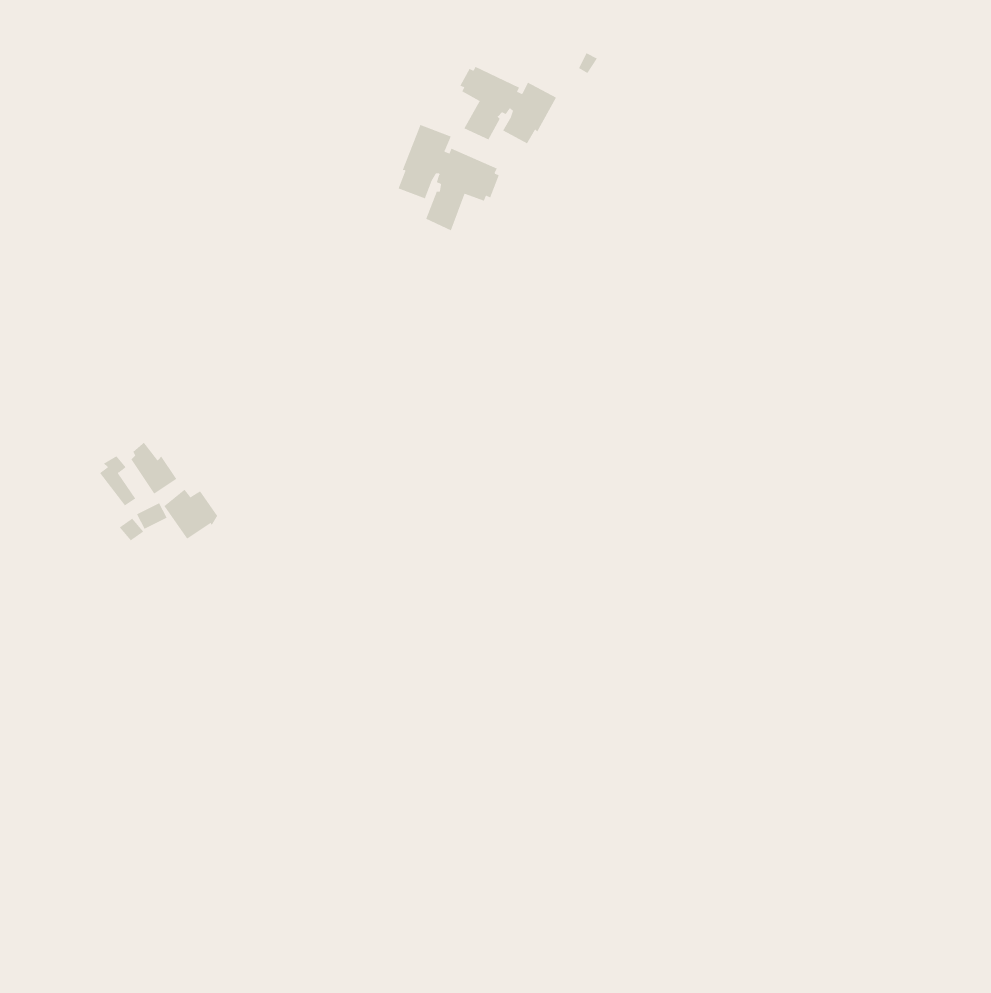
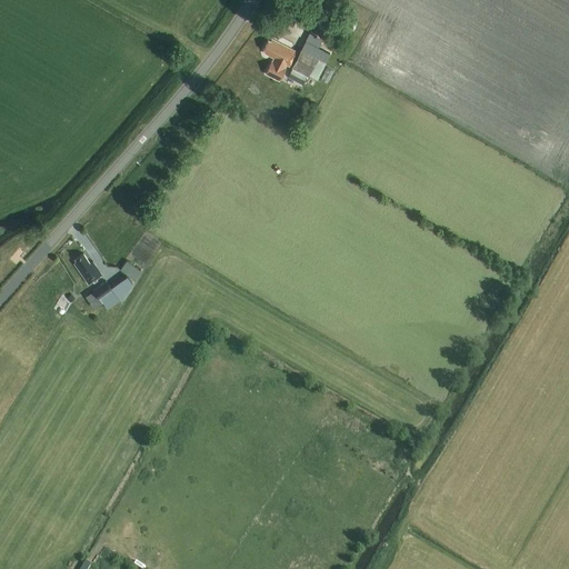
building: [398,124,499,231] -> none

